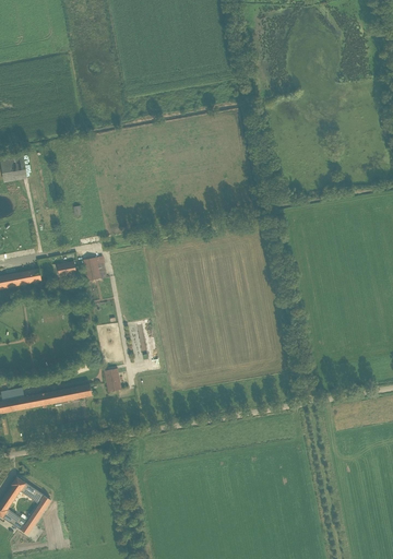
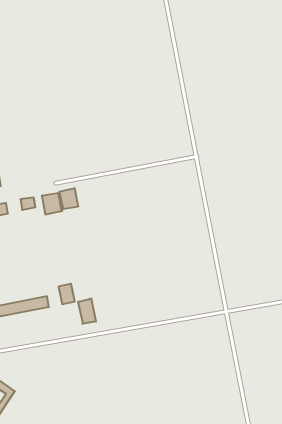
building: none -> [59,188,78,209]
building: none -> [78,298,96,324]

